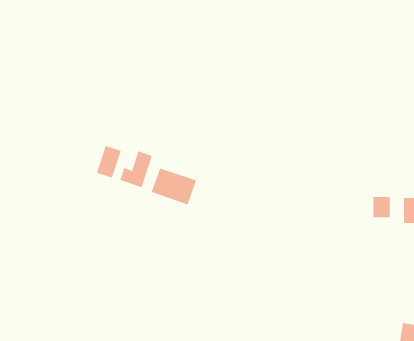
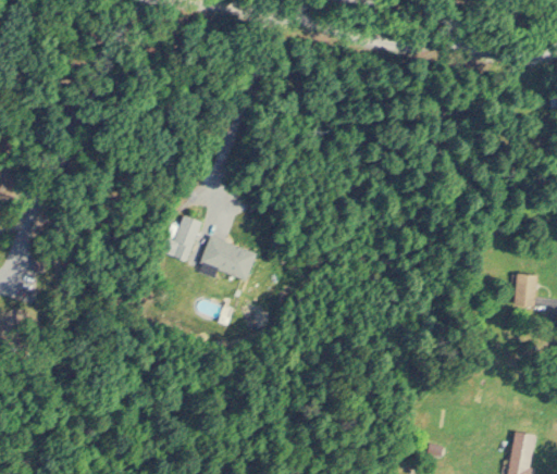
building: [96,145,121,178] -> none
building: [373,196,390,218] -> none

